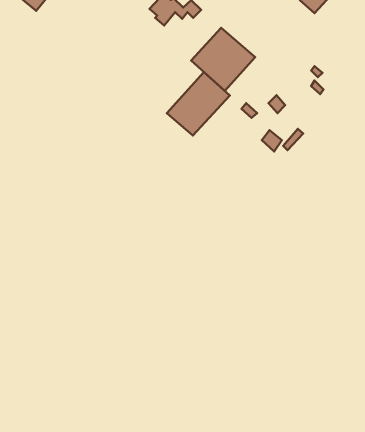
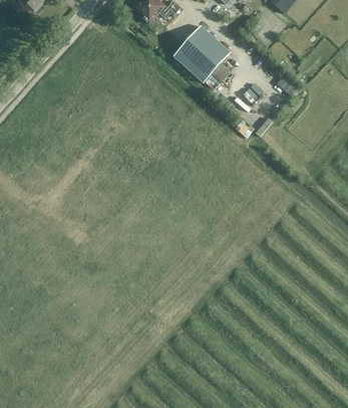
building: [167,72,230,135] -> none

